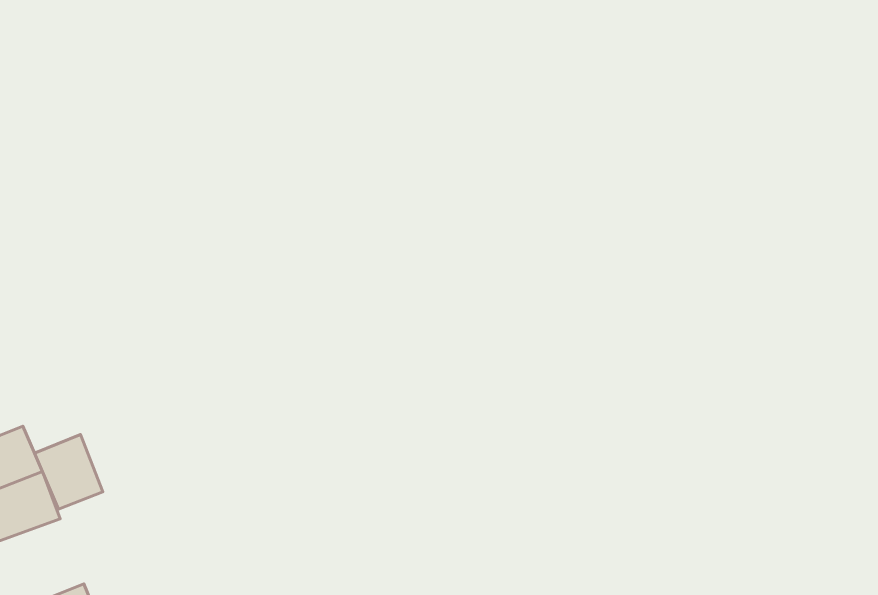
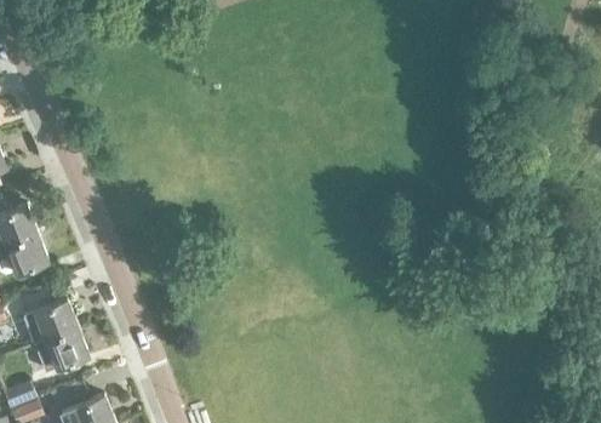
building: [35,435,103,509] -> none

